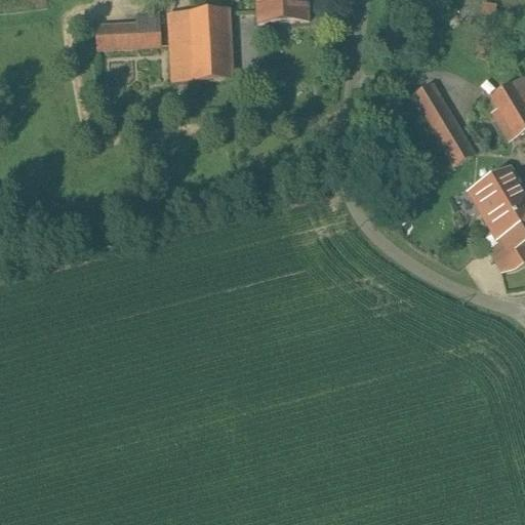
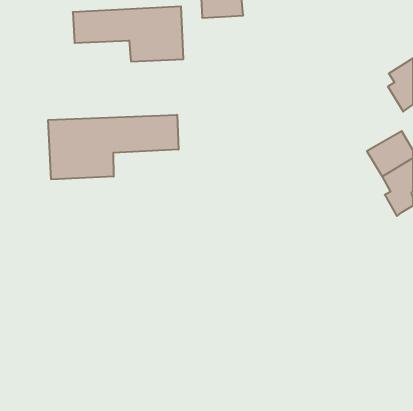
building: [408,77,477,162] -> none
building: none -> [48,115,178,179]

